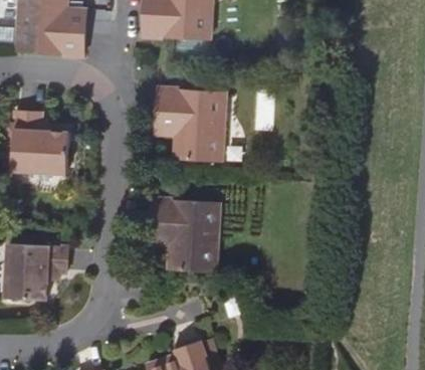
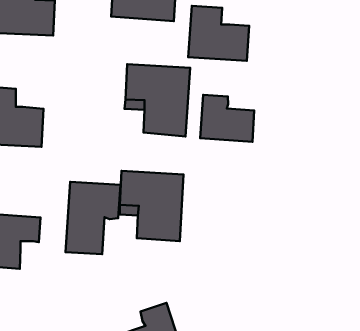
building: none -> [188,6,249,61]
building: none -> [200,95,254,142]
building: none -> [66,182,121,254]

